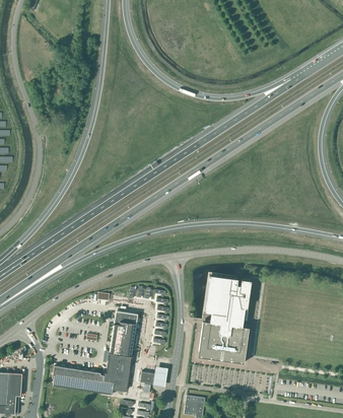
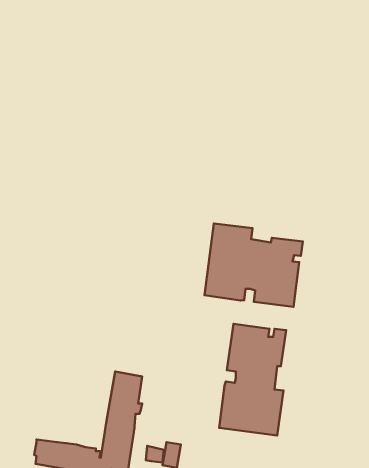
building: none -> [204,224,303,307]

